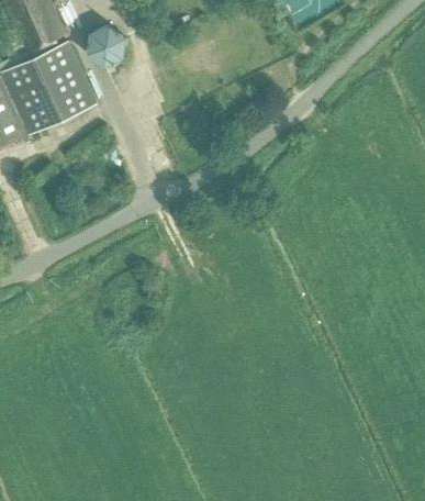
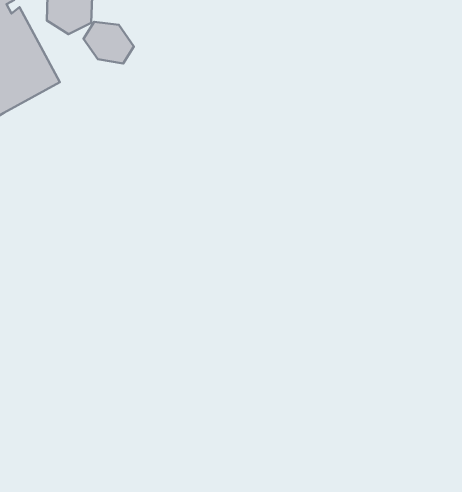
building: none -> [84,22,134,63]

